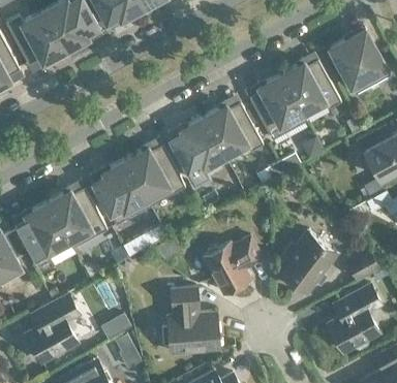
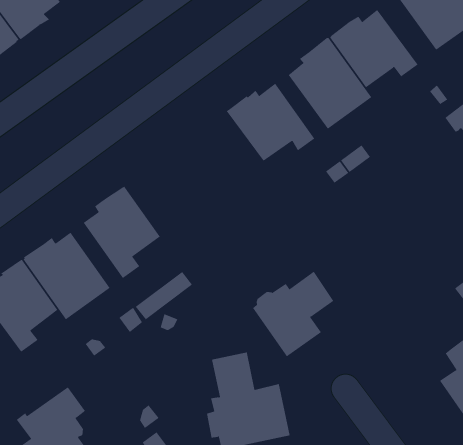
building: [171,119,224,184] -> none
building: [125,147,185,208] -> none
building: [277,232,336,294] -> none

